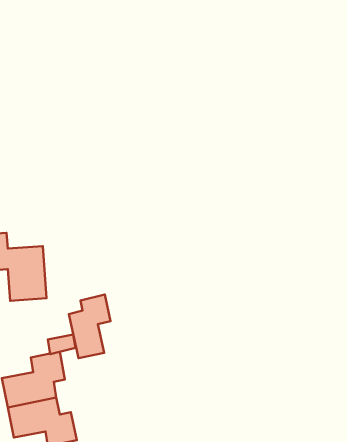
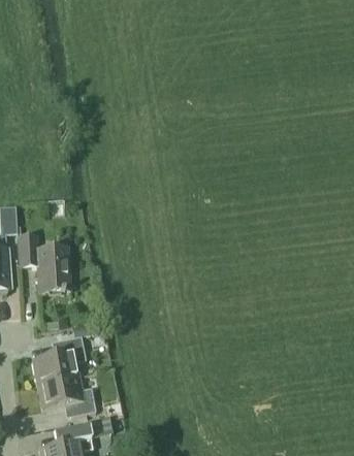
building: [69,295,111,358] -> none

